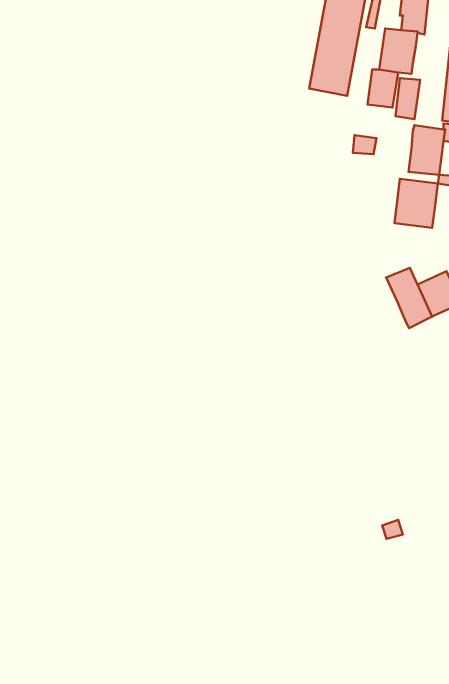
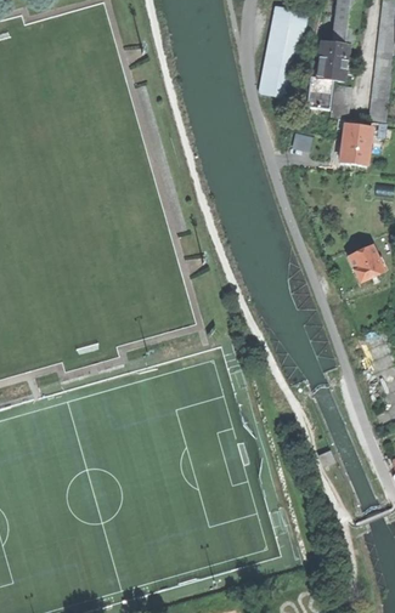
building: [394,179,438,228] -> none
building: [386,268,432,328] -> none

